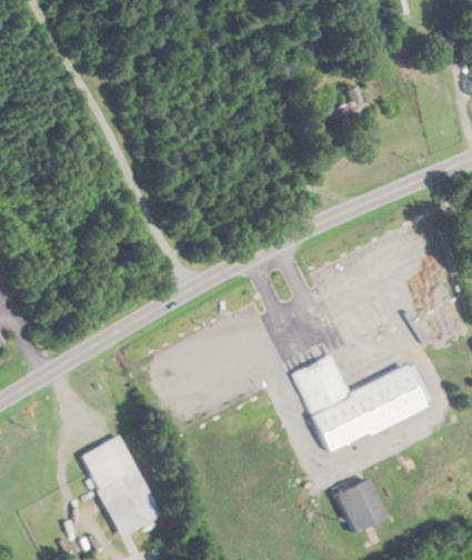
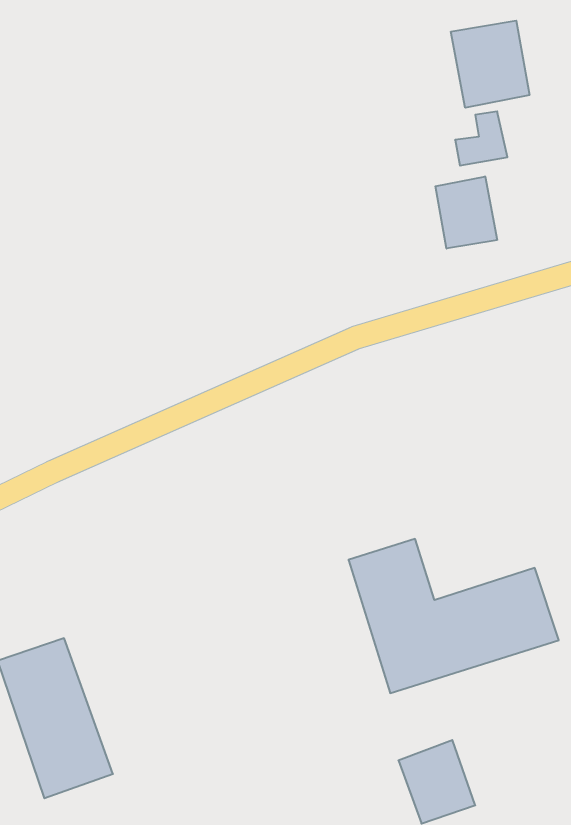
building: none -> [451,21,529,108]
building: none -> [435,176,497,249]

